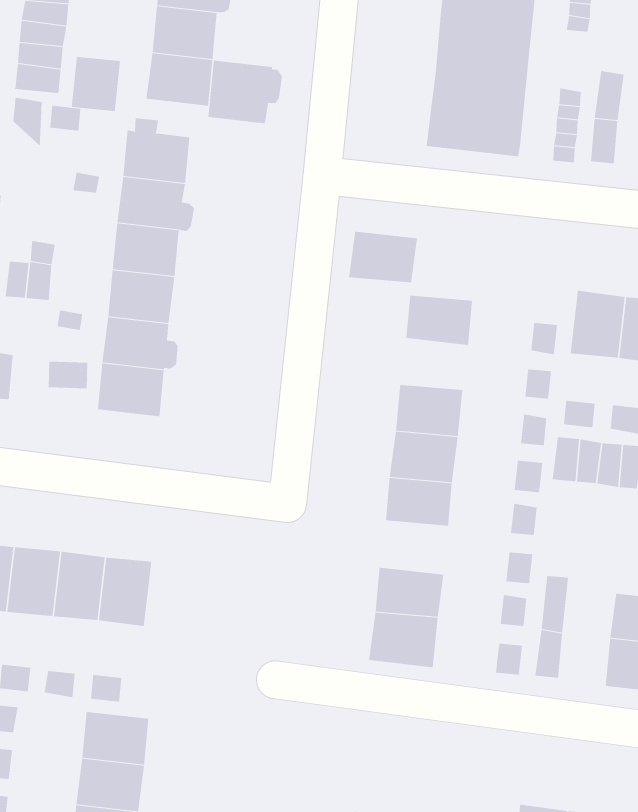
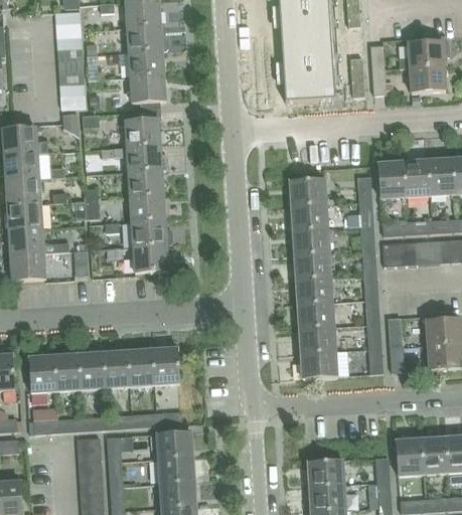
building: [71,56,120,112] -> none
building: [208,60,283,124] -> none
building: [348,231,418,283] -> [292,203,327,230]
building: none -> [298,301,334,329]

